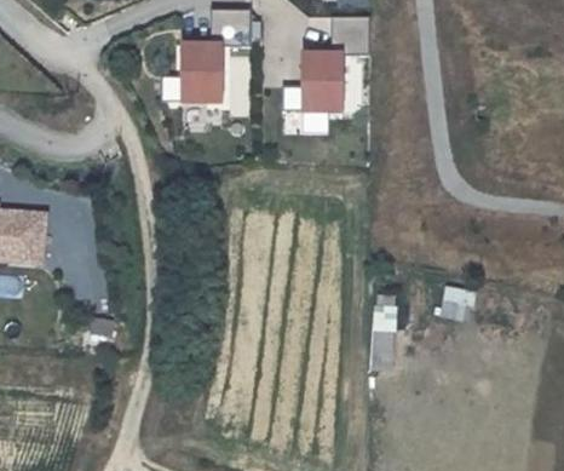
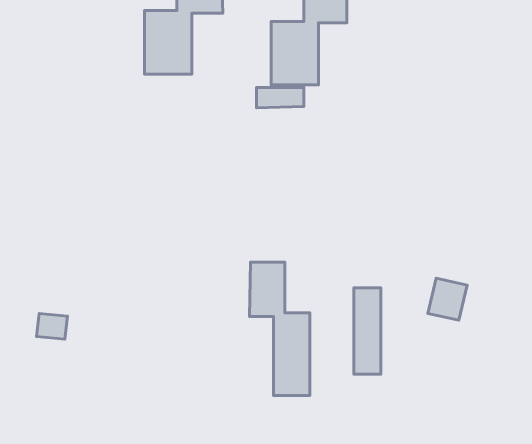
building: none -> [249,262,310,395]

